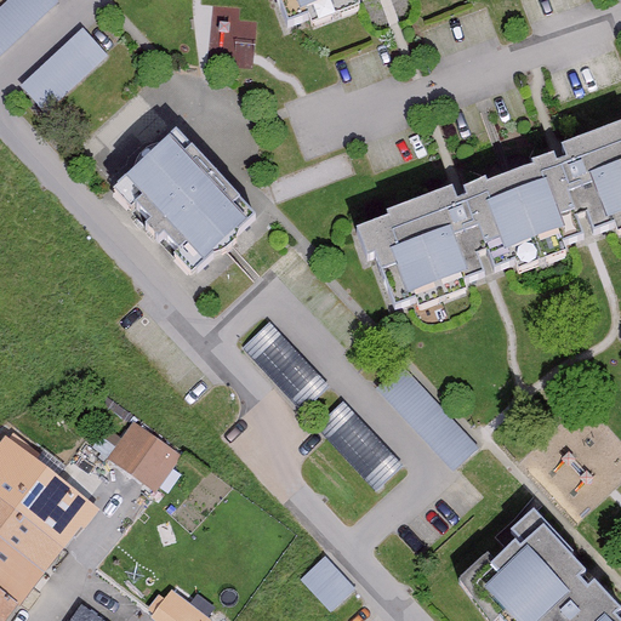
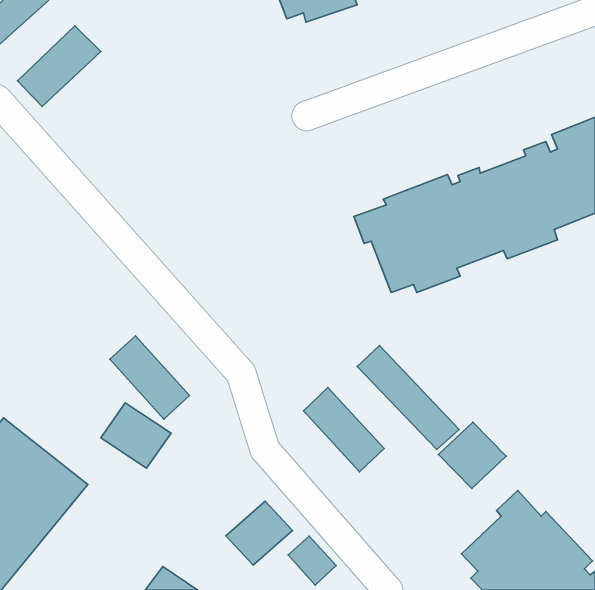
building: [129,127,263,262] -> none
building: [241,320,324,406] -> [110,336,189,419]
building: none -> [438,422,506,489]
building: none -> [226,501,293,565]

